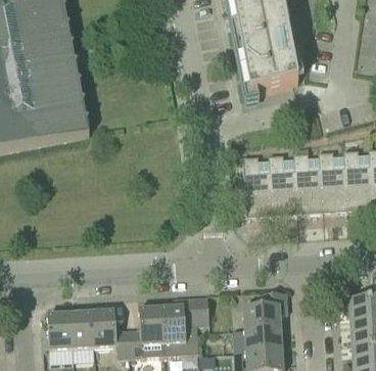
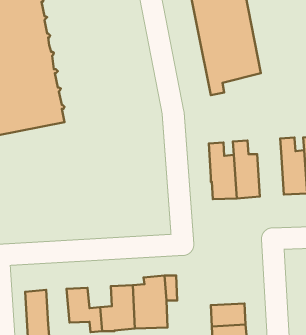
building: [292,151,322,212] -> none
building: [242,290,286,327] -> none
building: [69,310,94,347] -> none

